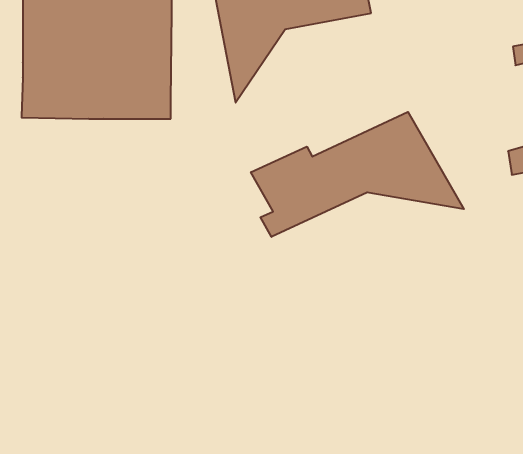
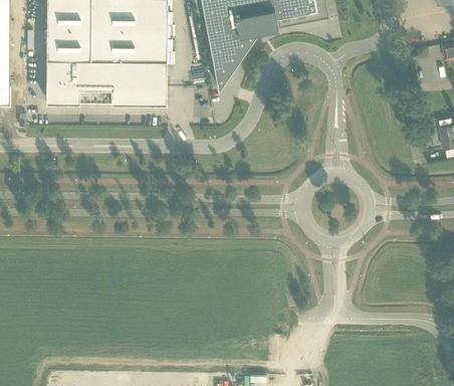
building: [251,112,464,237] -> none

